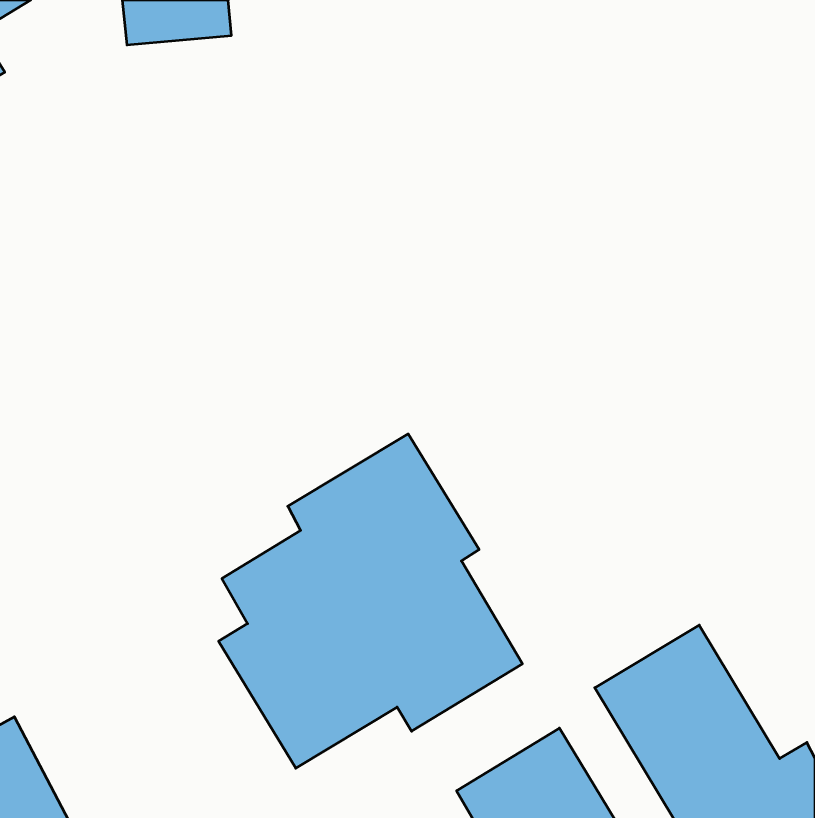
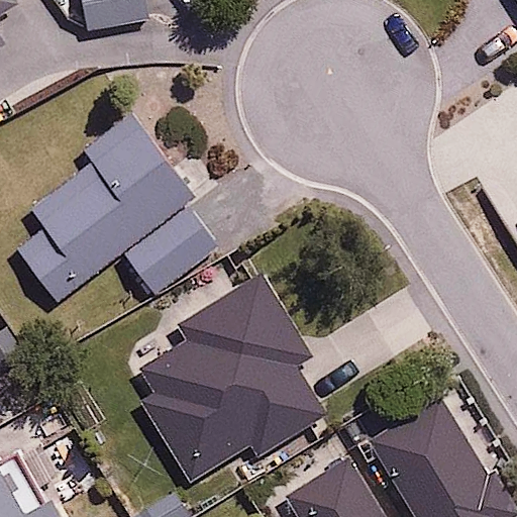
building: none -> [17,118,218,302]

